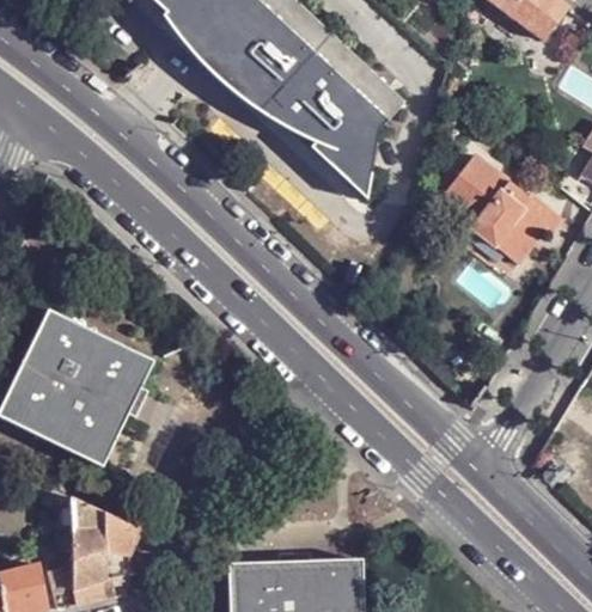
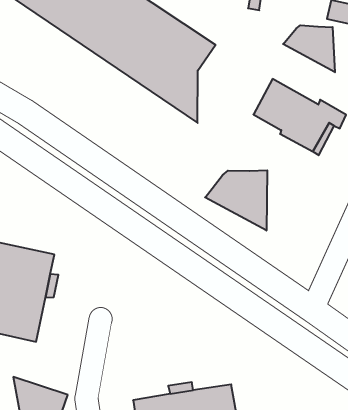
building: none -> [283,25,335,72]
building: none -> [205,170,267,231]

